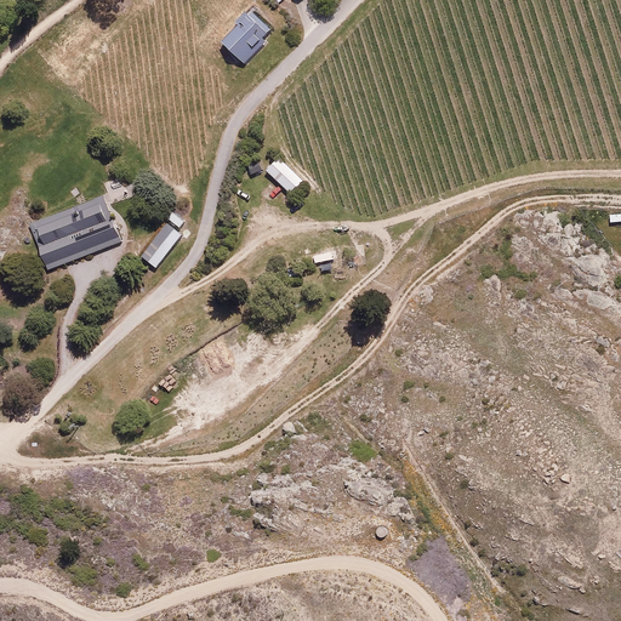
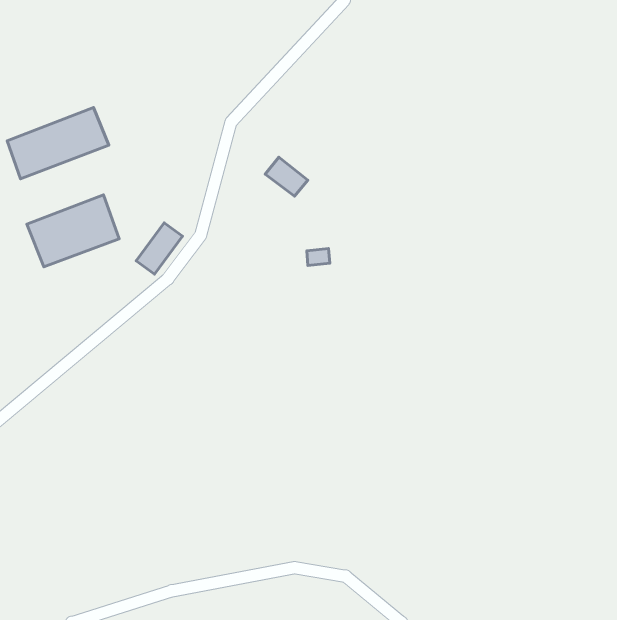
building: [226,7,273,53] -> none
building: none -> [7,107,109,179]

